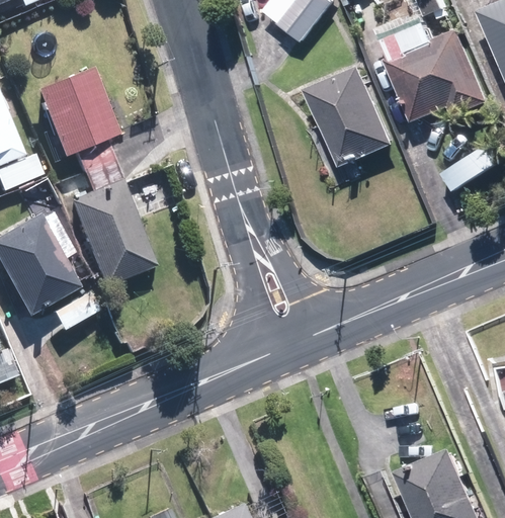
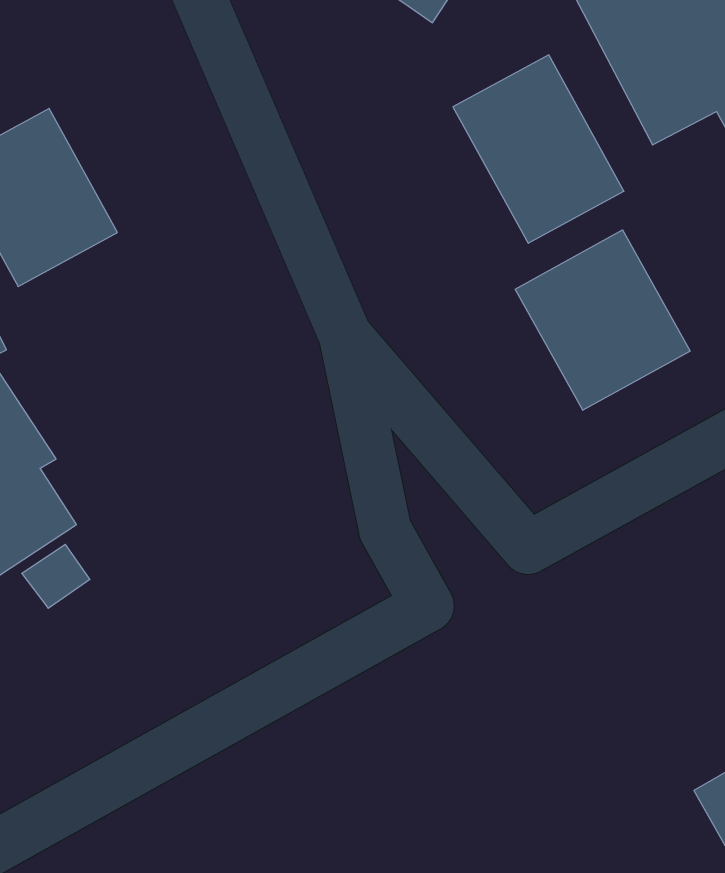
building: [67,148,154,286] -> none
building: none -> [515,230,690,410]

